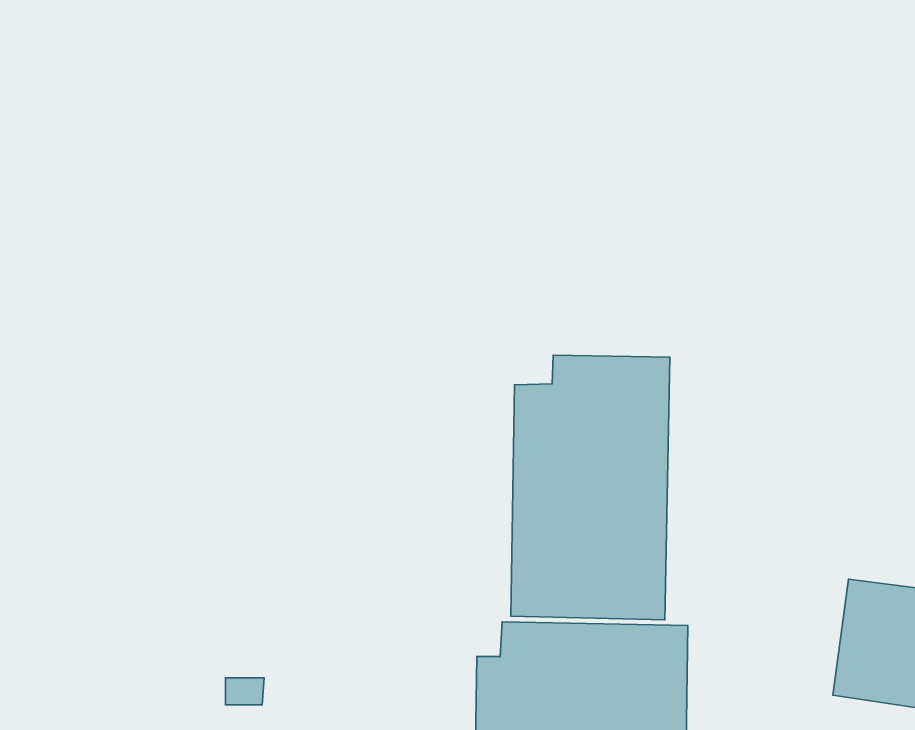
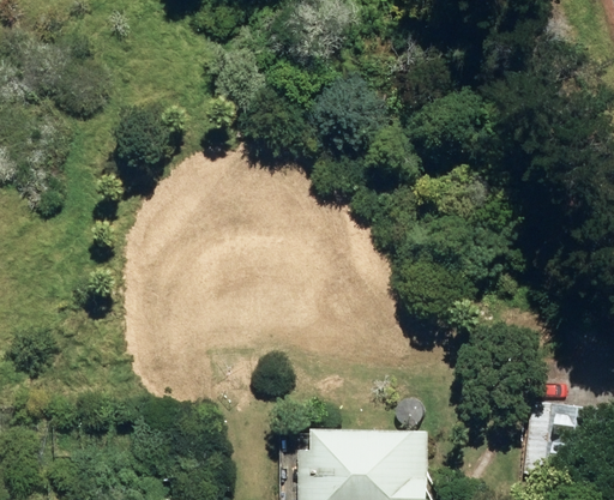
building: [511,355,670,620] -> none

